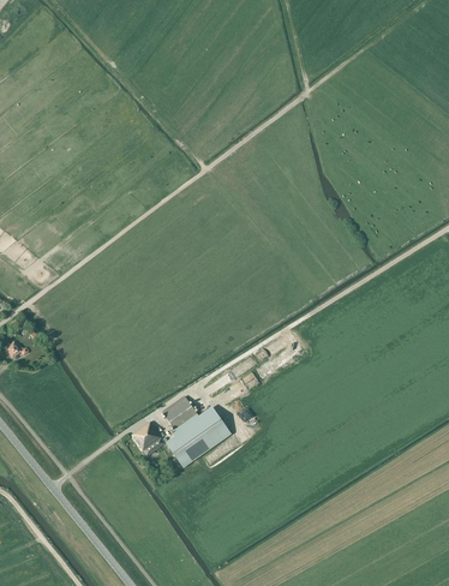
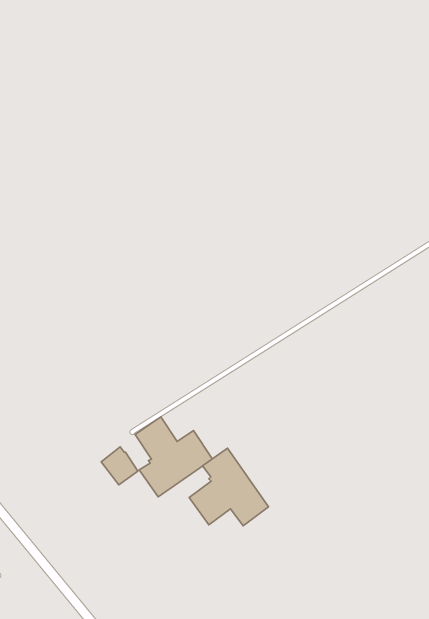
building: none -> [189,448,269,526]

